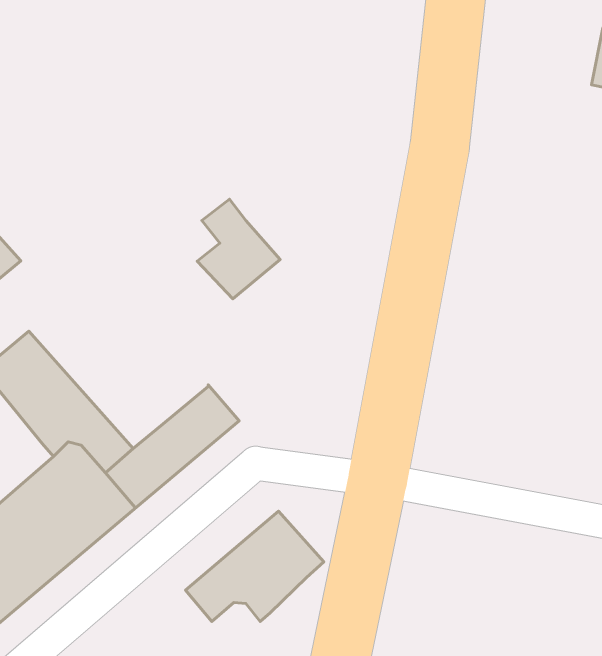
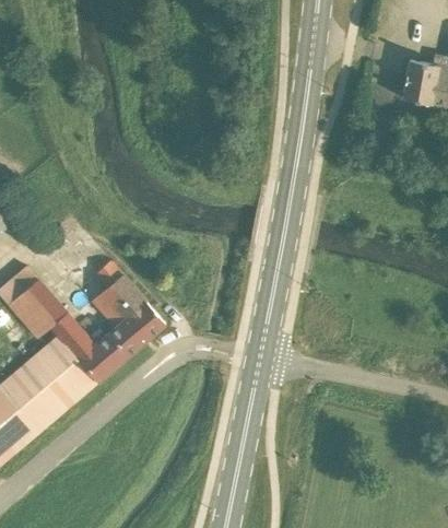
building: [197,199,280,299] -> [90,260,145,327]
building: [185,511,324,622] -> none

